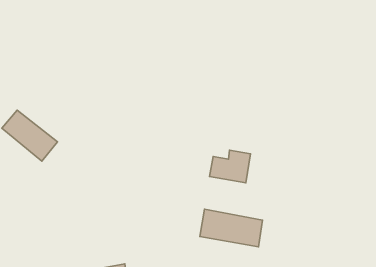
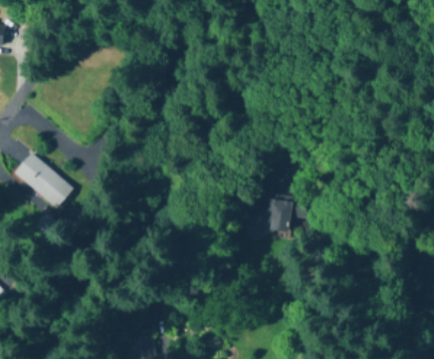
building: [200,209,263,247] -> none

